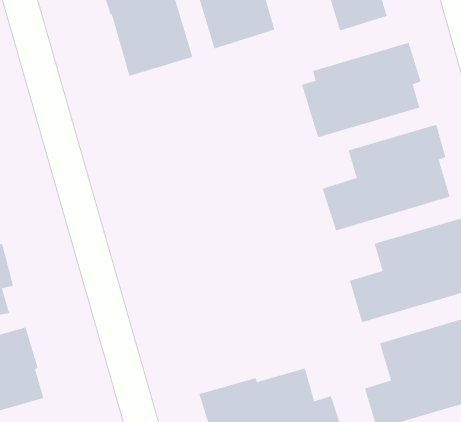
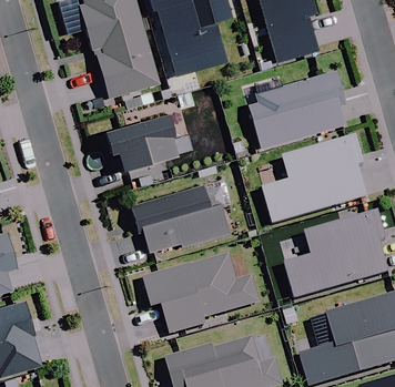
building: none -> [103,115,175,172]
building: none -> [131,181,229,256]
building: none -> [144,255,260,334]

